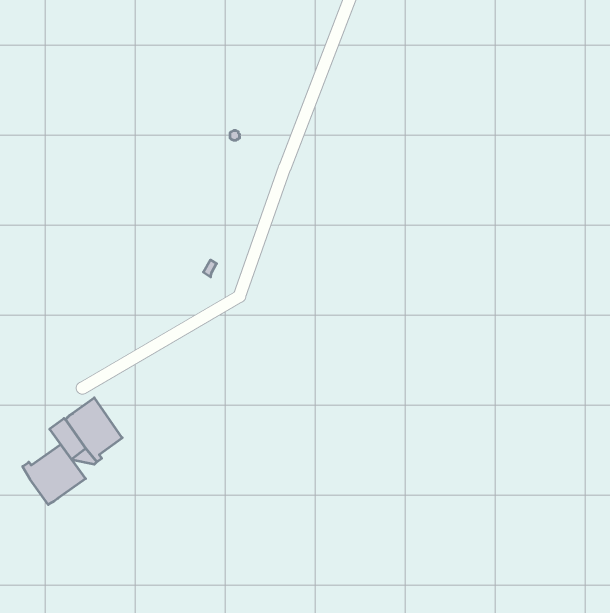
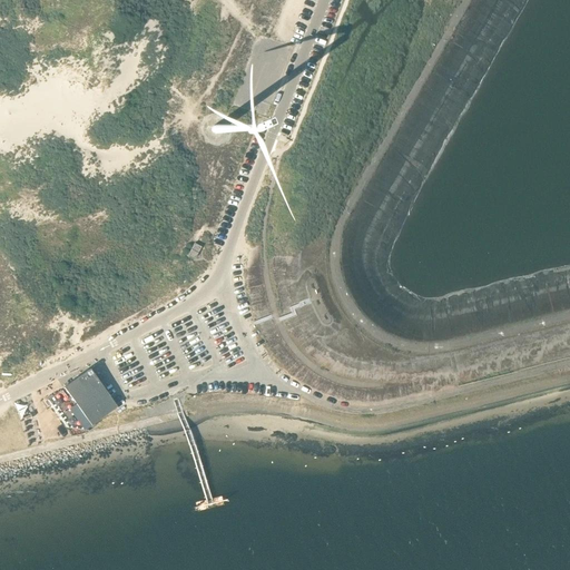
building: [23,445,86,505] -> none

